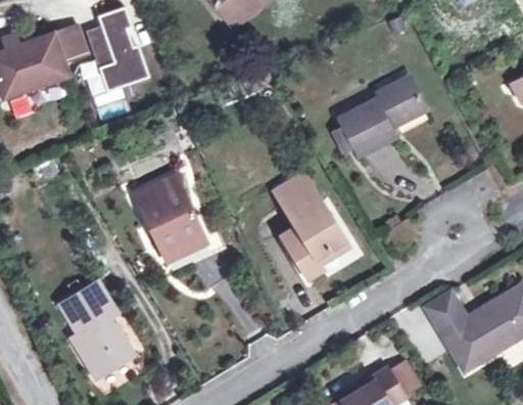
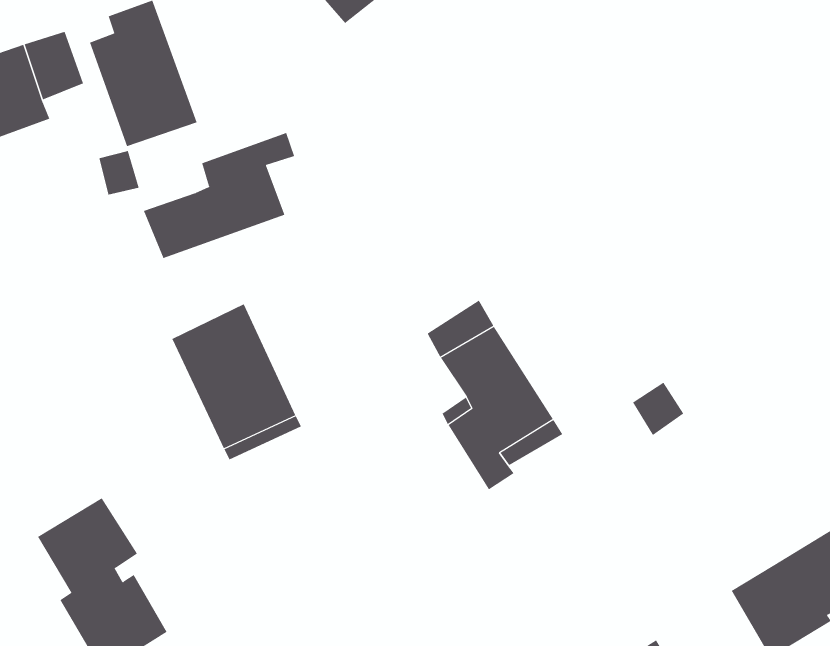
building: [340,78,424,154] -> none
building: none -> [143,132,295,259]
building: [424,292,464,333] -> none

